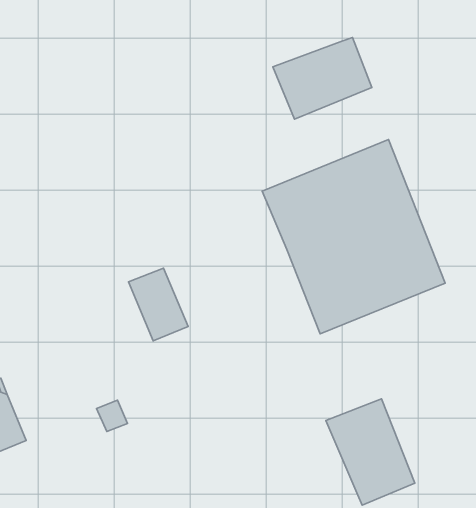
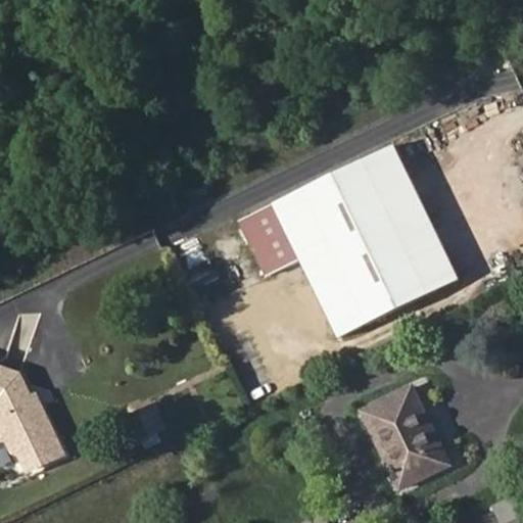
building: [273,37,372,119] -> none
building: [129,268,188,341] -> [243,200,303,271]

